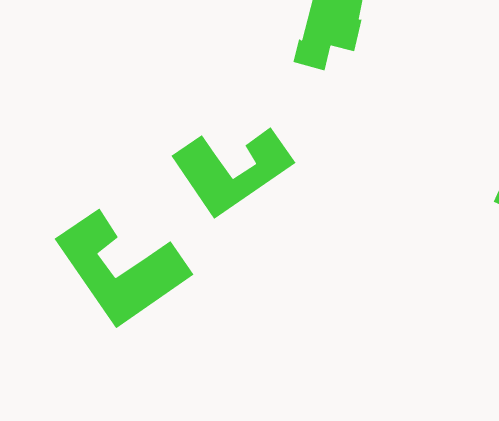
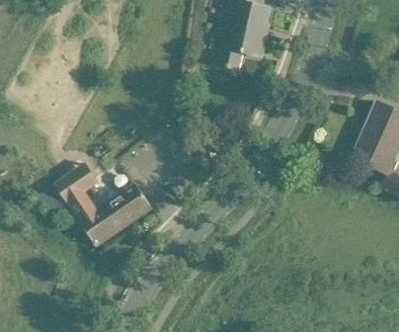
building: [171,126,296,220] -> none

